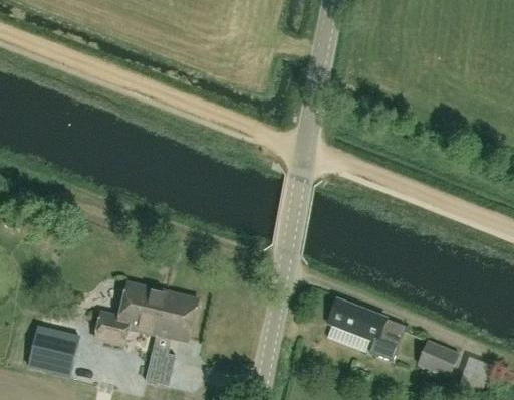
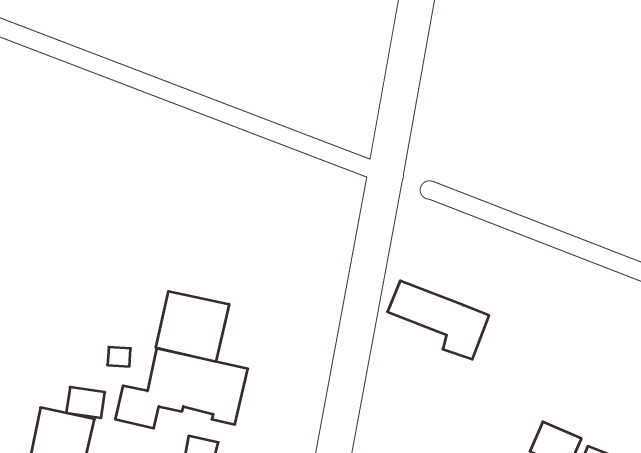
building: none -> [156,291,229,362]
building: [326,298,406,360] -> [387,281,489,359]

